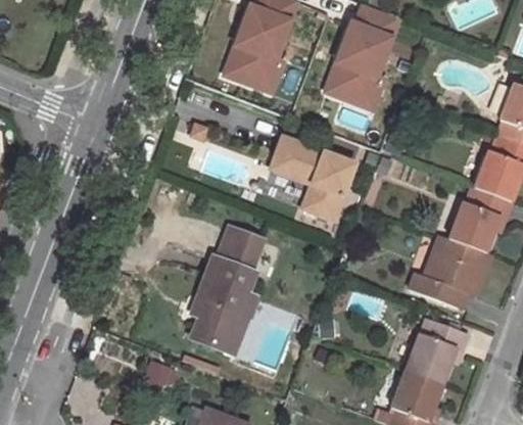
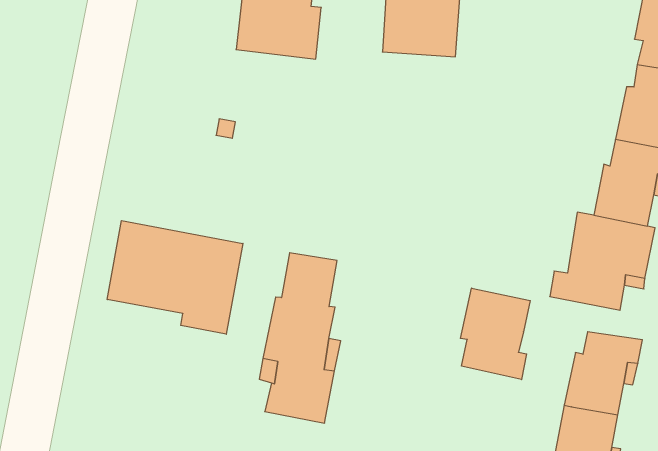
building: [273,138,355,220] -> none
building: none -> [107,221,243,334]
building: none -> [460,288,530,380]

